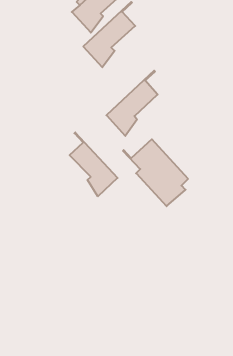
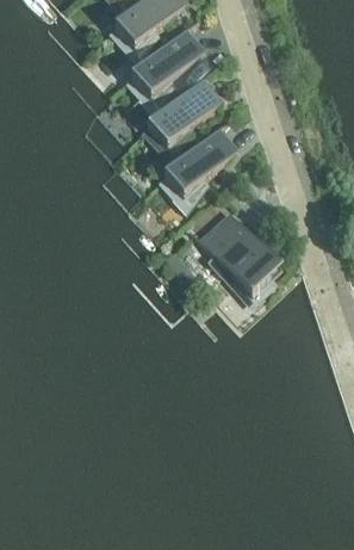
building: none -> [144,63,219,156]
building: [70,132,118,196] -> none

